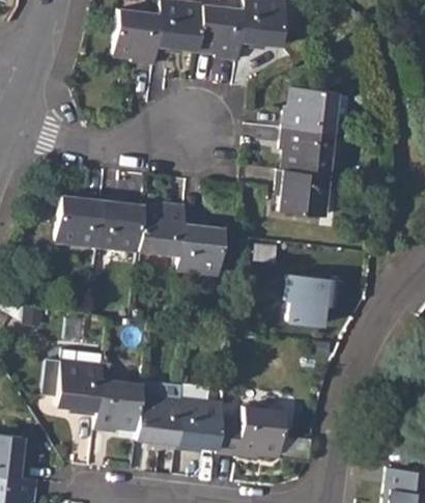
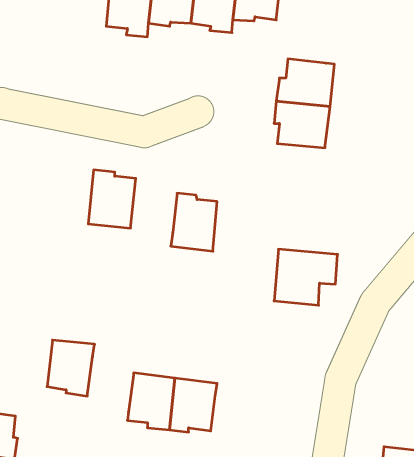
building: [275,168,330,217] -> none
building: [56,193,103,248] -> none
building: [139,202,186,256] -> none
building: [95,379,143,434] -> none
building: [218,406,285,459] -> none

